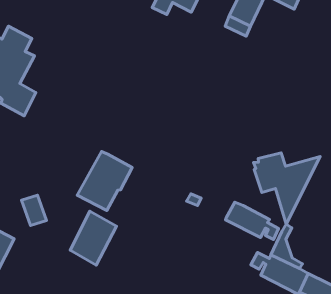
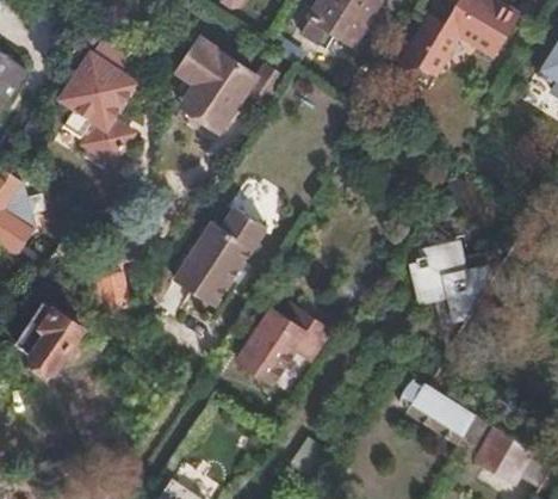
building: none -> [182,33,271,135]
building: none -> [221,199,271,248]
building: [226,202,279,239] -> none
building: [70,211,117,265] -> [237,310,304,384]

